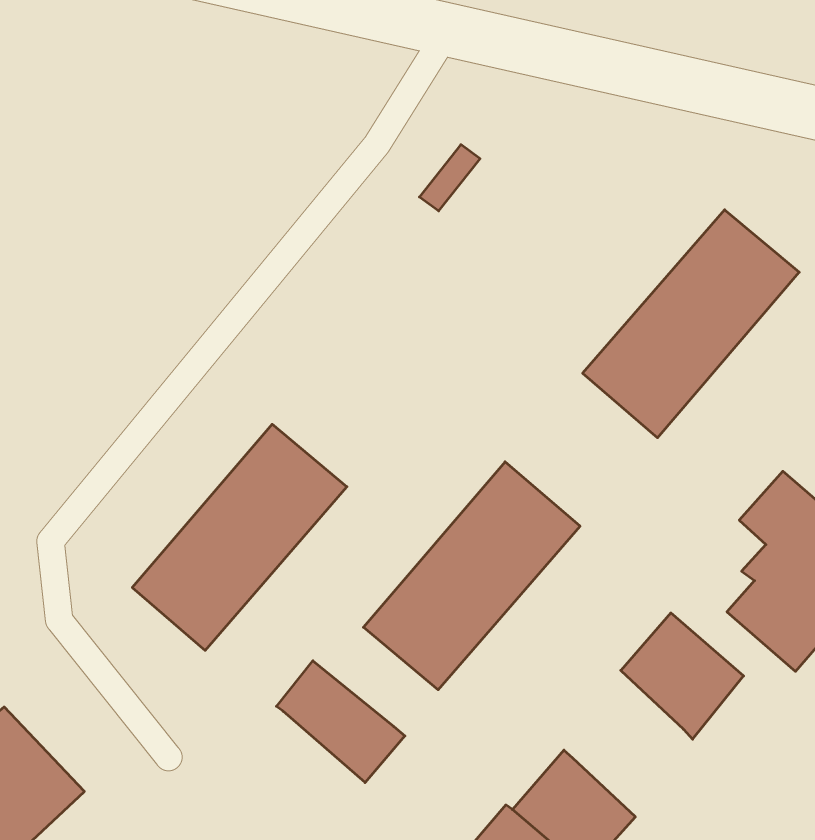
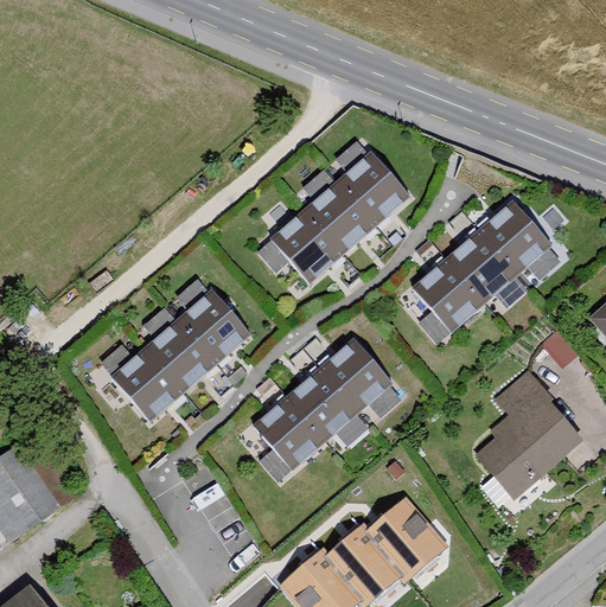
building: none -> [267,151,412,286]
building: [621,613,744,739] -> [366,497,442,577]
building: [276,661,405,783] -> none

